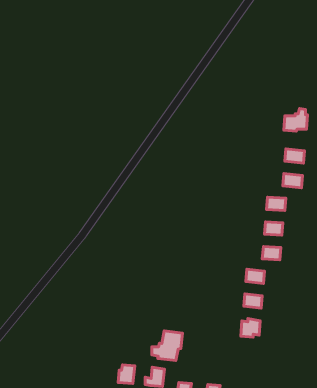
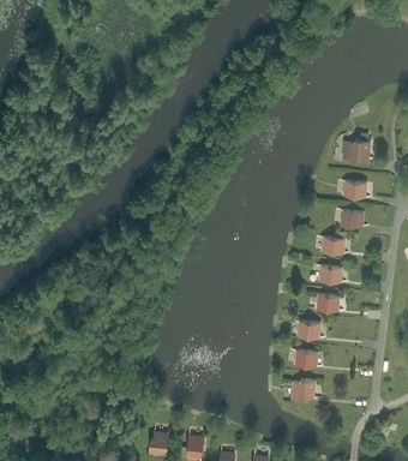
building: [152,331,182,361] -> none

